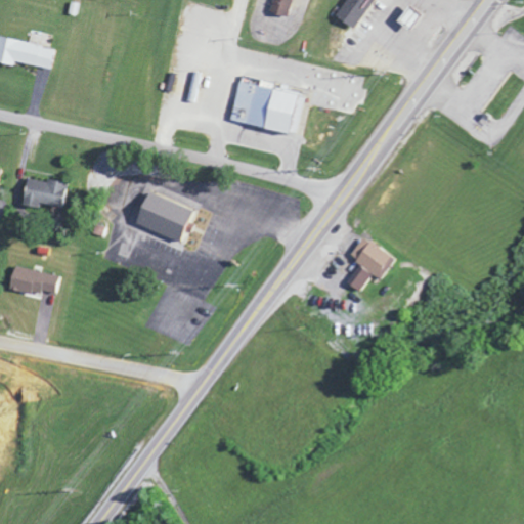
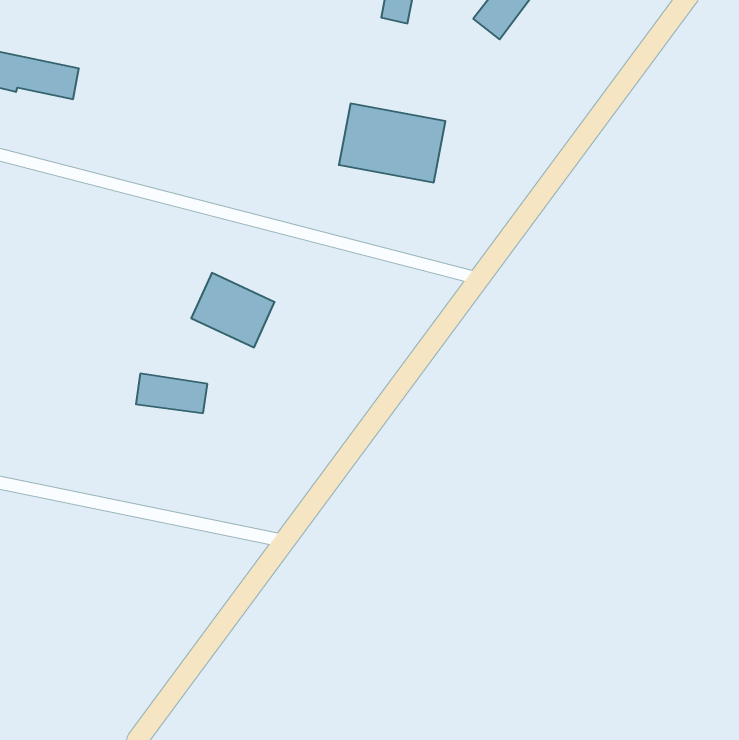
building: [19,178,67,208] -> none
building: [345,236,393,291] -> none
building: [6,267,56,295] -> [136,374,207,413]

